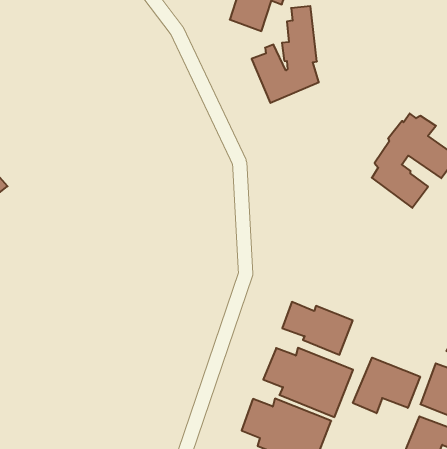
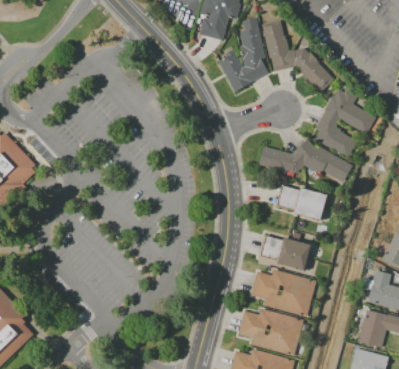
building: none -> [262,20,334,92]
building: none -> [257,139,351,182]
building: none -> [276,186,327,220]
building: [353,358,420,413] -> none

